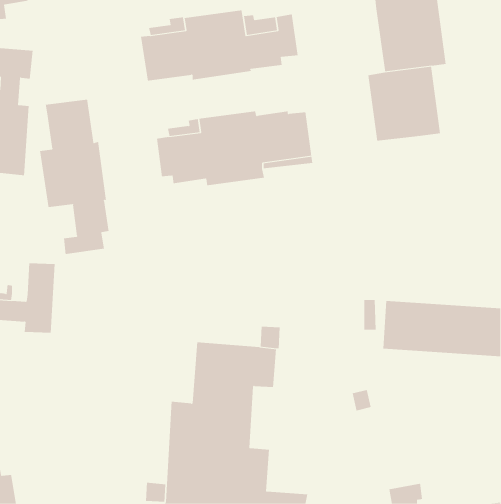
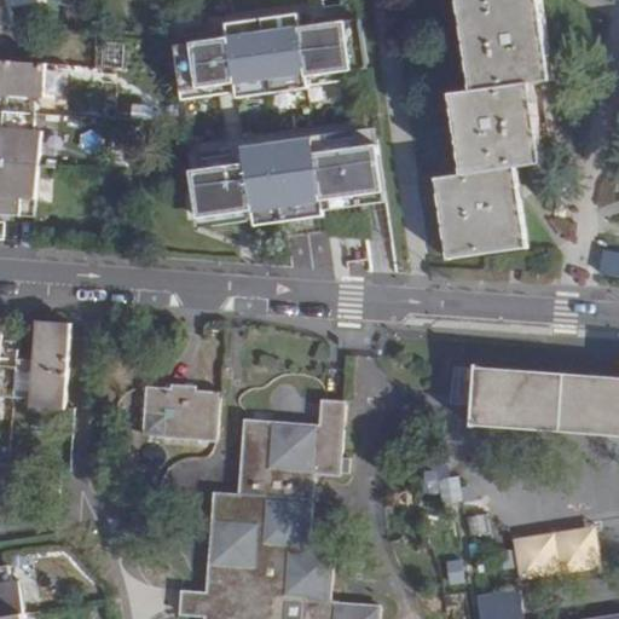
building: [40,99,109,255] -> none
building: none -> [434,167,521,256]
building: none -> [139,384,216,441]
building: none -> [507,527,595,578]

